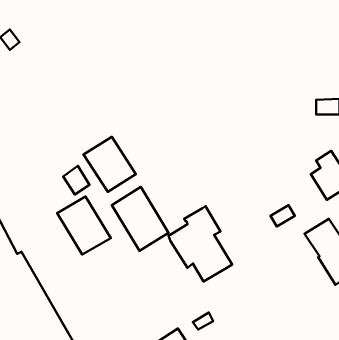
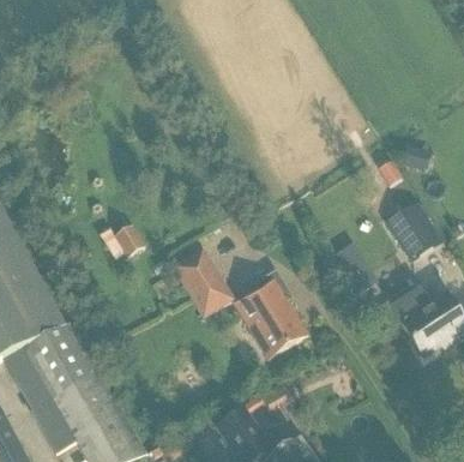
building: [84,137,136,192] -> none
building: [57,197,111,255] -> none

